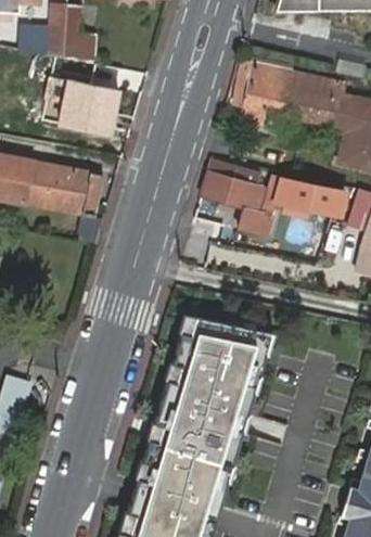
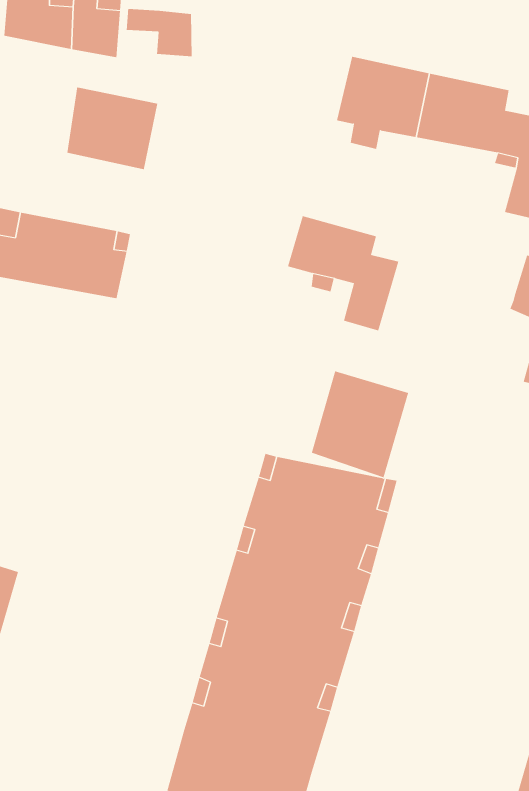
building: none -> [126,8,192,57]
building: [292,181,350,217] -> none
building: none -> [311,370,409,478]

